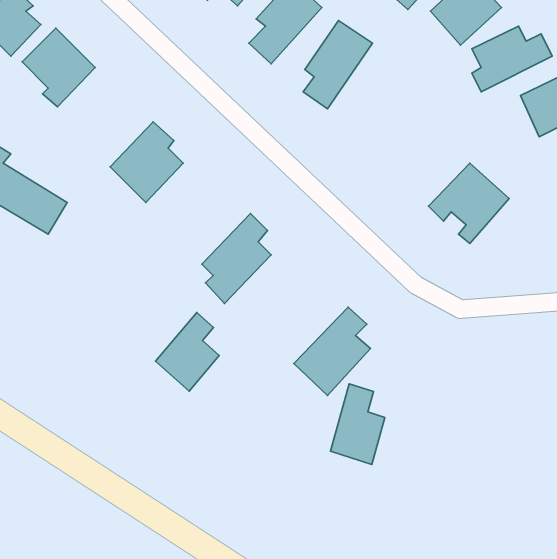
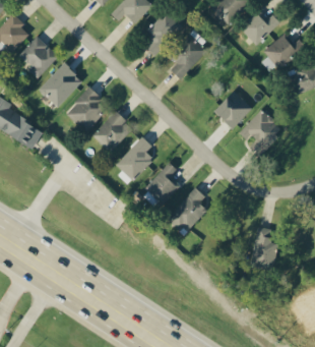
building: none -> [39,62,82,107]
building: none -> [214,91,252,128]
building: none -> [92,111,132,152]
building: [156,312,219,391] -> [145,161,180,204]
building: [330,384,385,464] -> [249,226,278,270]

